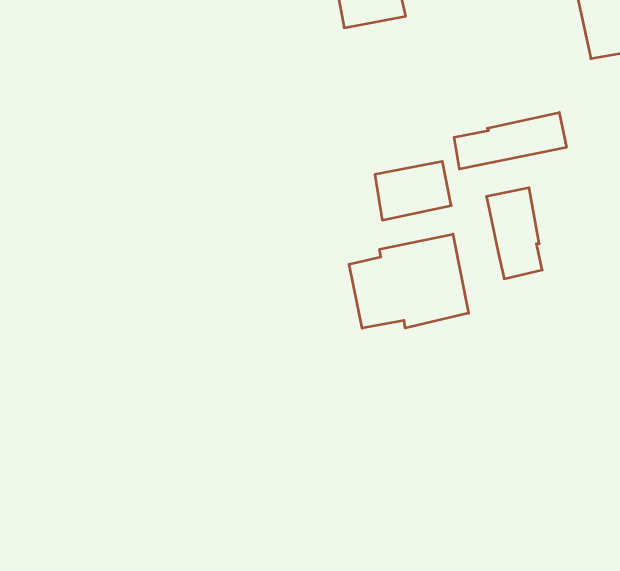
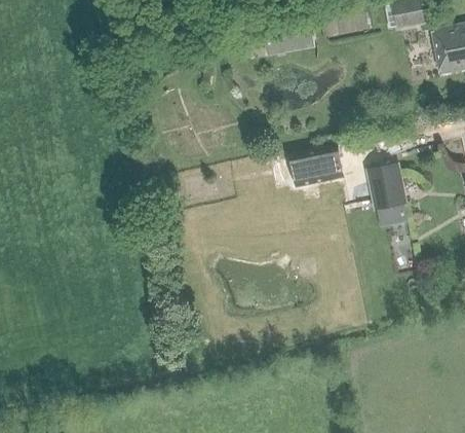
building: [454,112,566,169] -> none
building: [349,234,469,328] -> none

